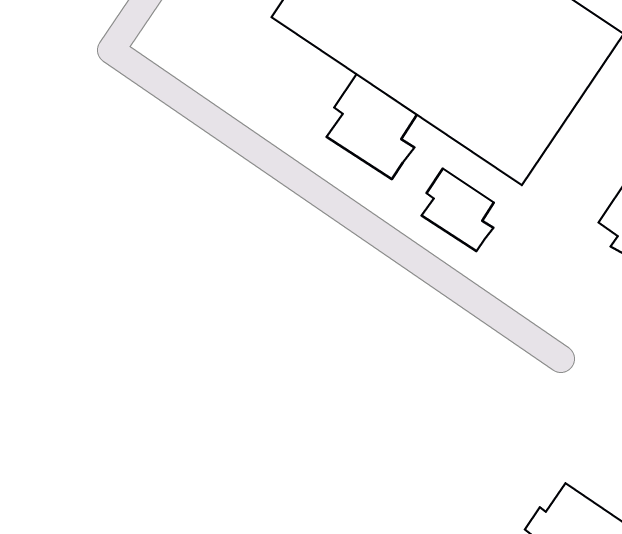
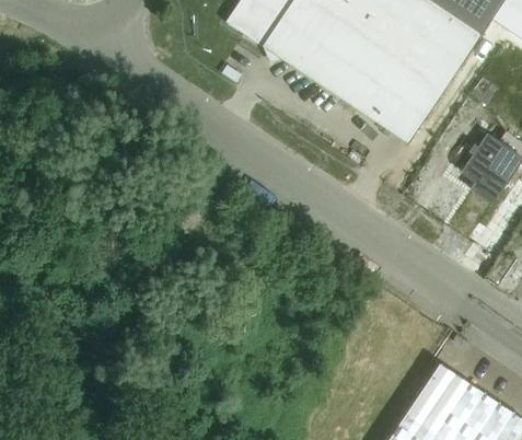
building: [326,74,417,179] -> none
building: [421,168,494,251] -> none

